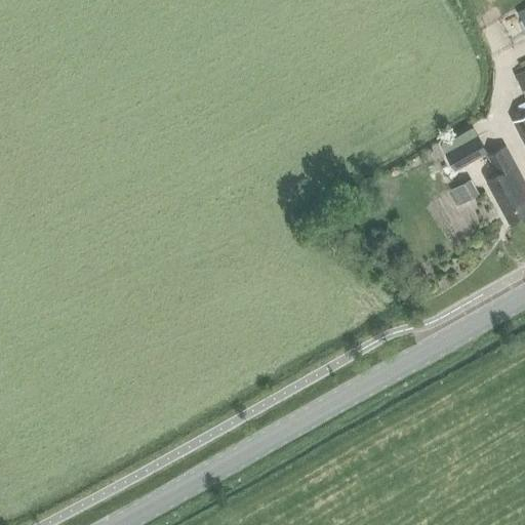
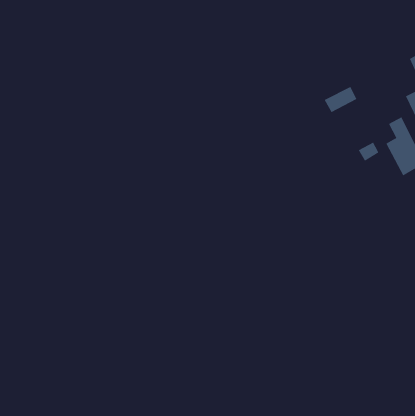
building: [446,135,488,169] -> [324,86,357,113]

